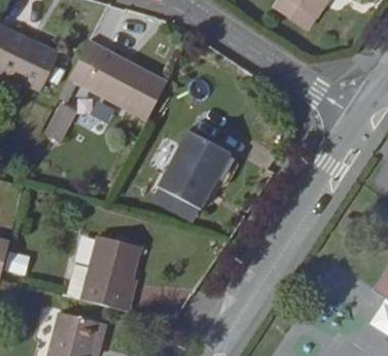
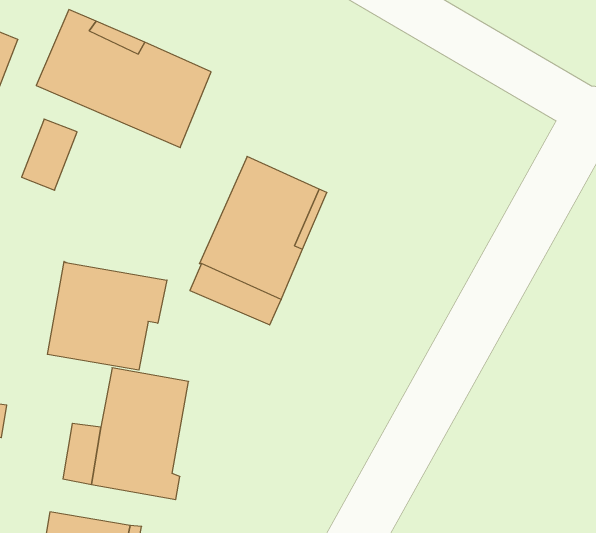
building: none -> [47,261,167,370]

